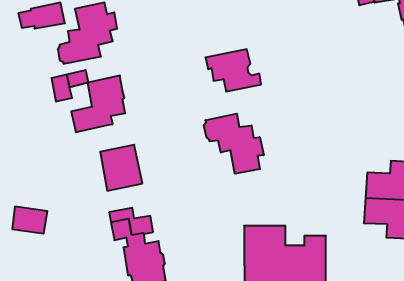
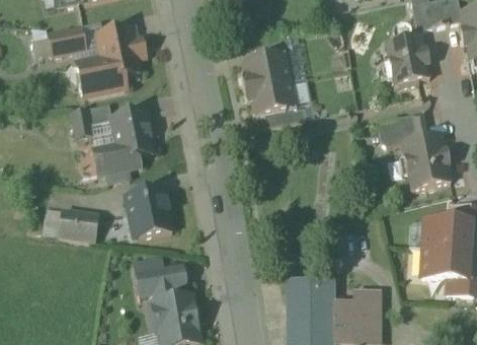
building: none -> [385,34,430,87]
building: none -> [241,36,293,88]
building: none -> [377,111,451,189]
building: [204,114,264,174] -> none
building: [12,207,47,234] -> [59,210,98,240]

